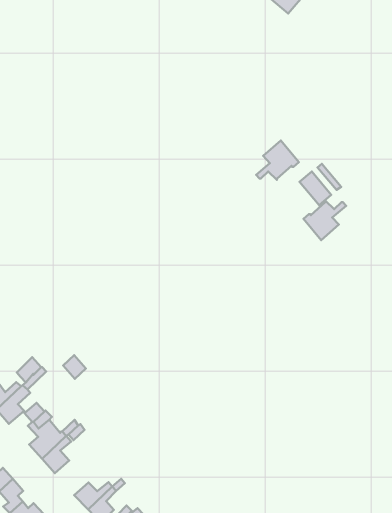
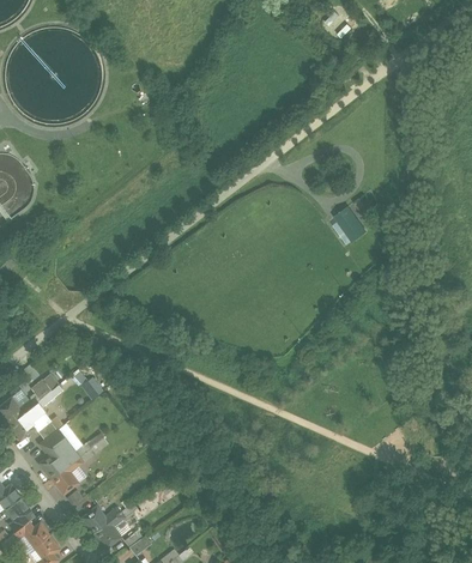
building: [256,141,299,180] -> none
building: [303,201,346,240] -> none

